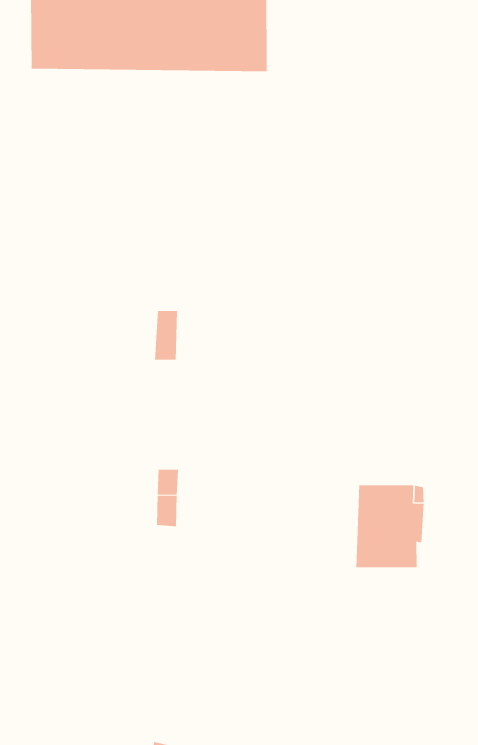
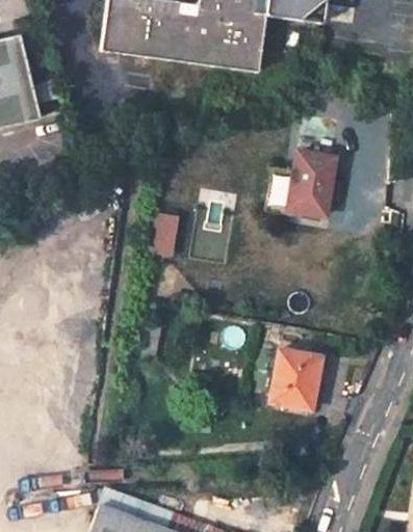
building: none -> [290,152,335,214]

